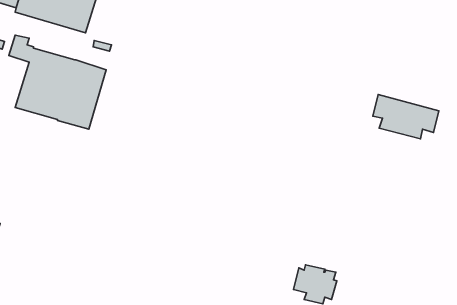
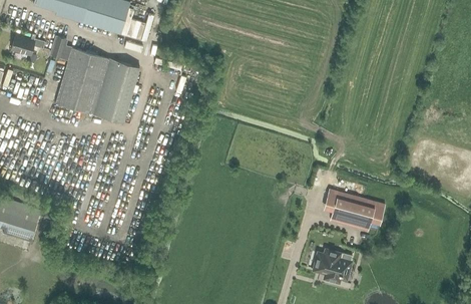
building: [373,94,439,139] -> [324,190,385,231]

